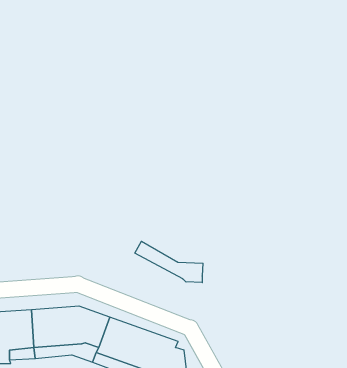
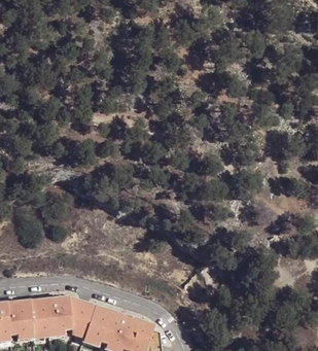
building: [135,241,203,283] -> none

